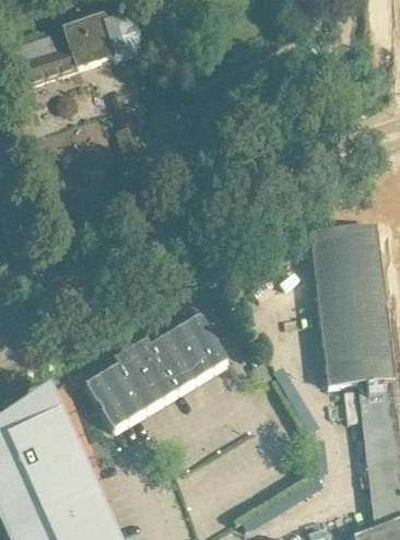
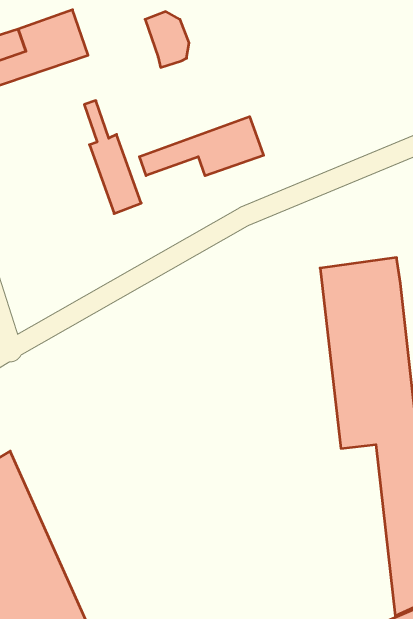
building: [104,15,141,62] -> [145,12,189,67]
building: none -> [139,117,264,176]
building: [86,315,227,429] -> none

